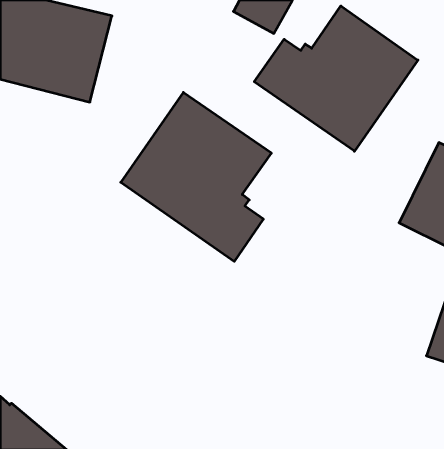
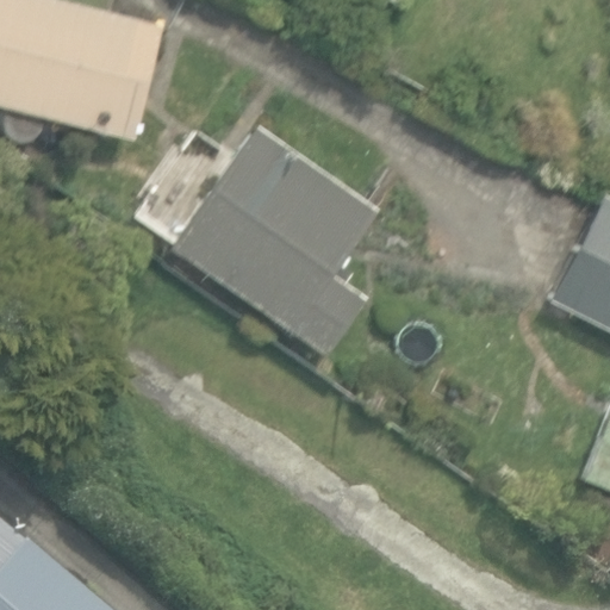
building: [254,6,418,151] -> none

